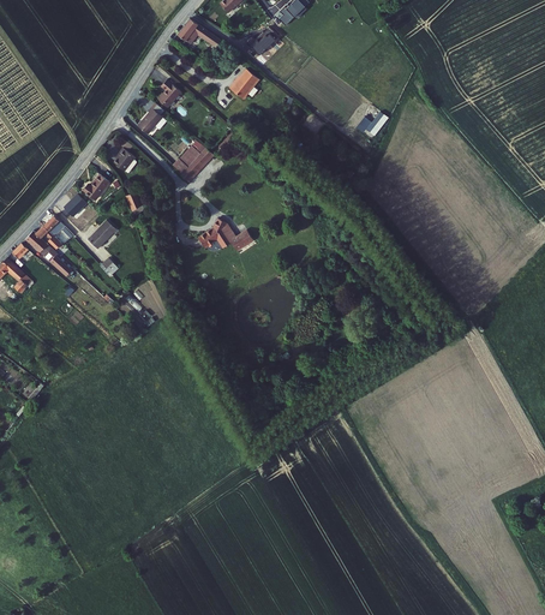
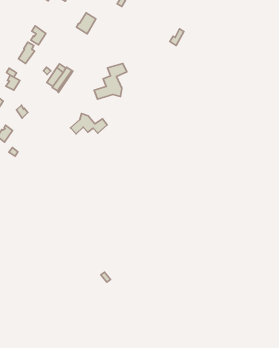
building: none -> [94,63,127,99]

